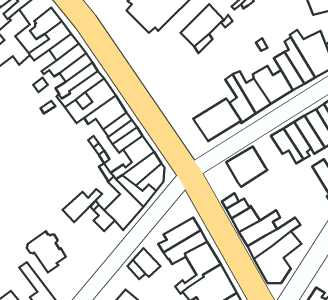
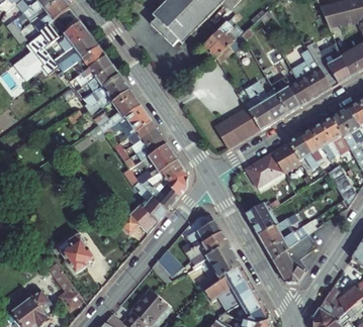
building: none -> [271,143,300,174]
building: [63,189,102,222] -> none

